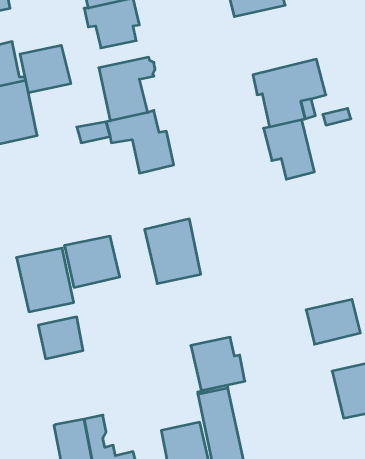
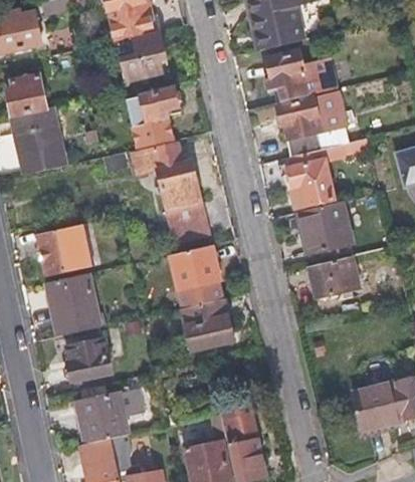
building: none -> [265,52,336,102]
building: [20,45,71,93] -> none
building: none -> [165,193,207,239]
building: none -> [296,203,350,254]
building: [64,236,120,287] -> [37,225,90,274]
building: [306,299,360,344] -> [307,256,360,299]
building: [191,337,245,391] -> [182,299,234,350]
building: none -> [76,394,130,443]

